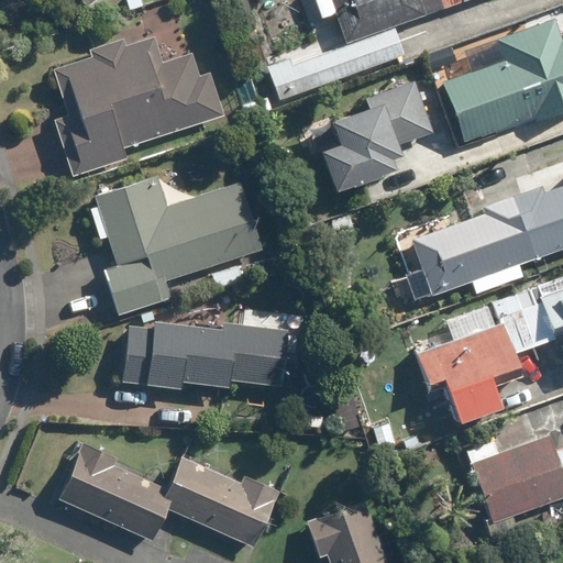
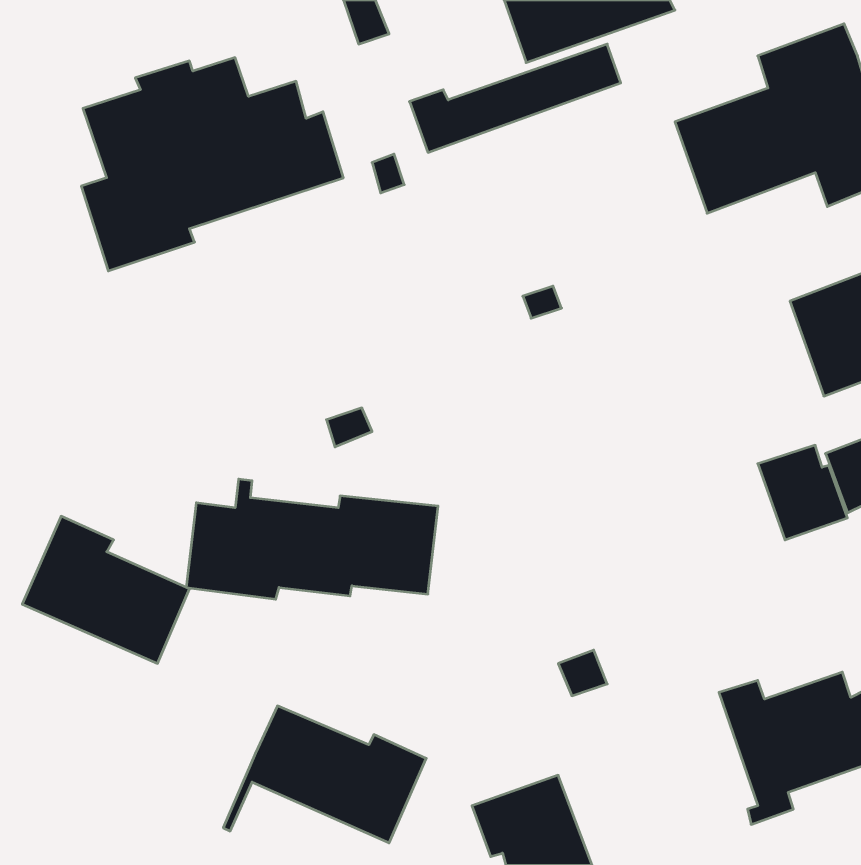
building: [313,81,429,188] -> none
building: [92,178,262,316] -> none
building: [412,196,537,292] -> none
building: [416,320,519,417] -> none
building: [59,442,168,538] -> [22,516,190,663]

